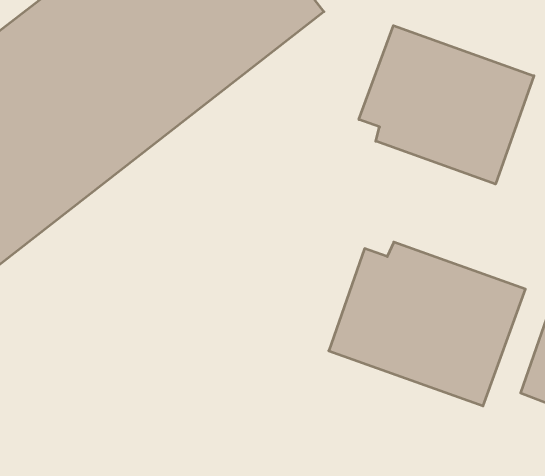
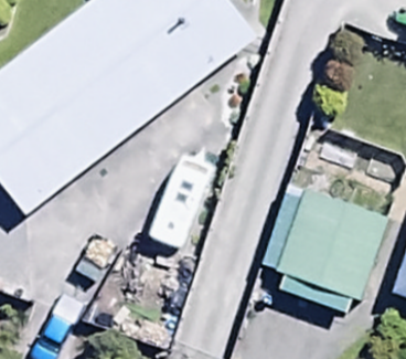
building: [359,26,534,184] -> none

